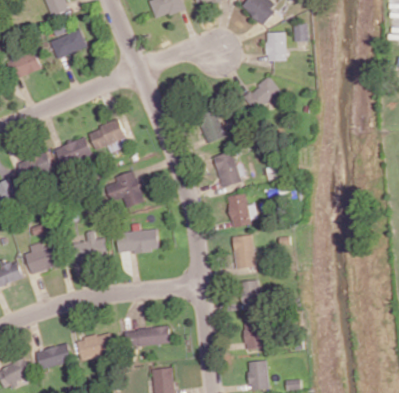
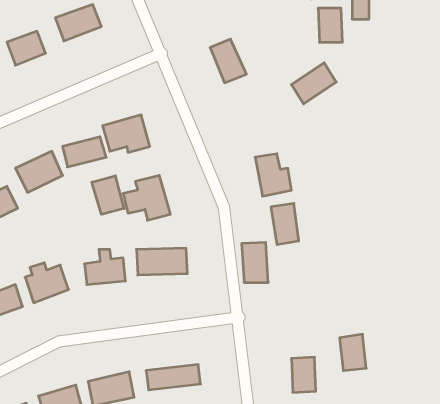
building: [196,108,226,144] -> [210,39,246,83]
building: none -> [92,176,124,214]
building: [233,235,255,268] -> [242,242,268,282]
building: [239,279,261,309] -> [340,334,366,371]

